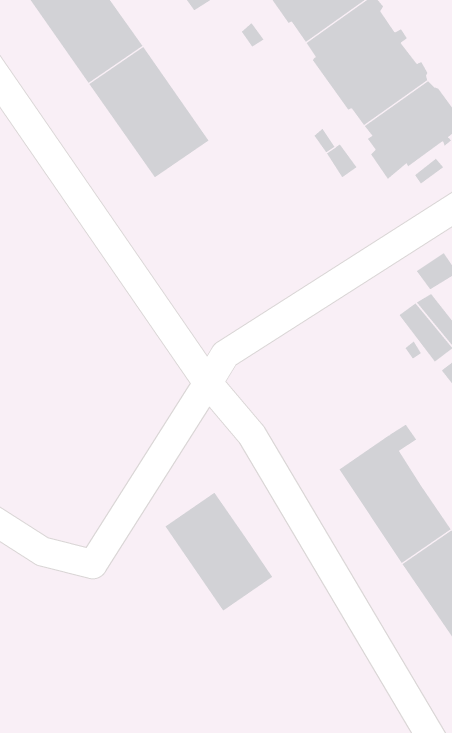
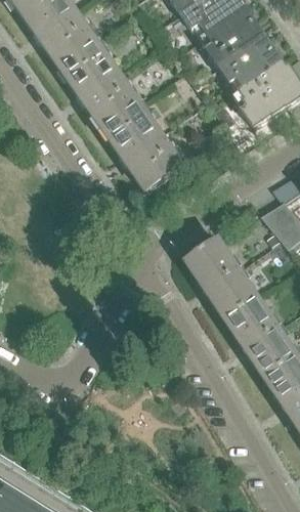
building: none -> [103,101,182,188]
building: [165,492,273,612] -> [185,238,256,315]

